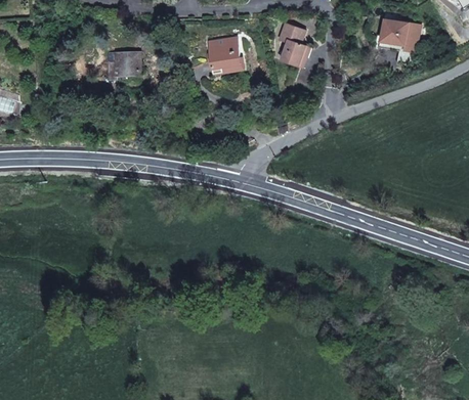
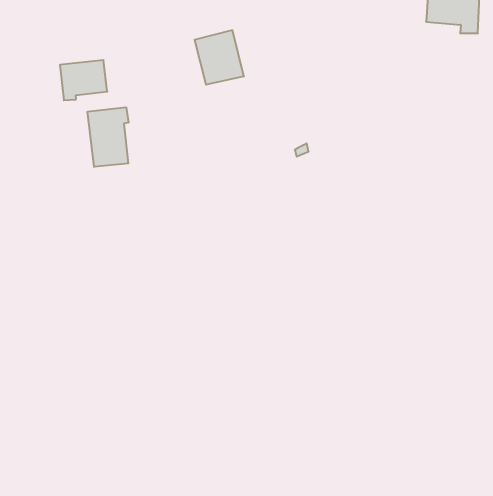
building: [279,23,310,69] -> none
building: none -> [88,107,128,167]

